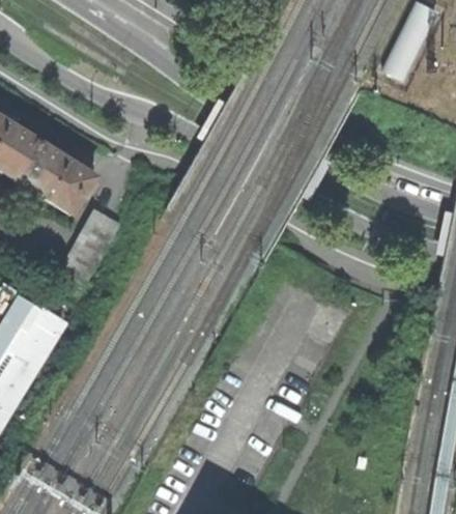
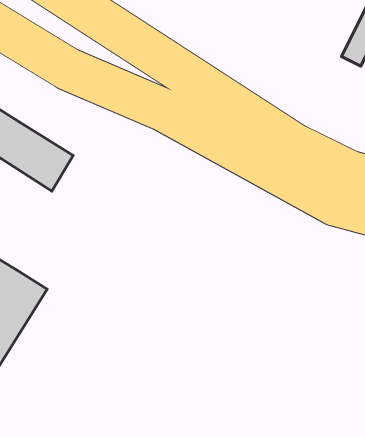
building: [53,207,121,297] -> none

